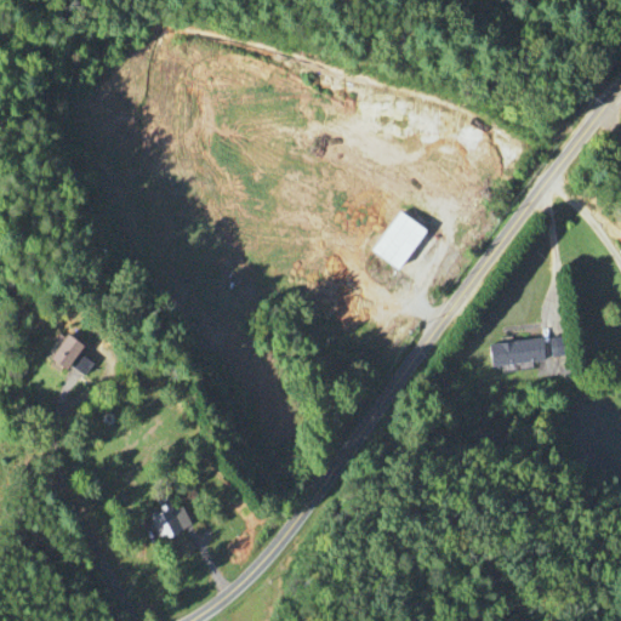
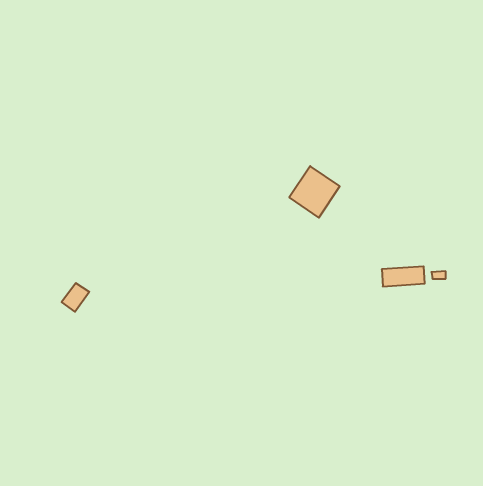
building: [49,335,84,371] -> [62,283,89,312]
building: [152,503,193,537] -> none

